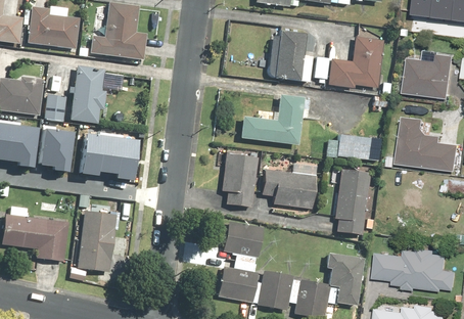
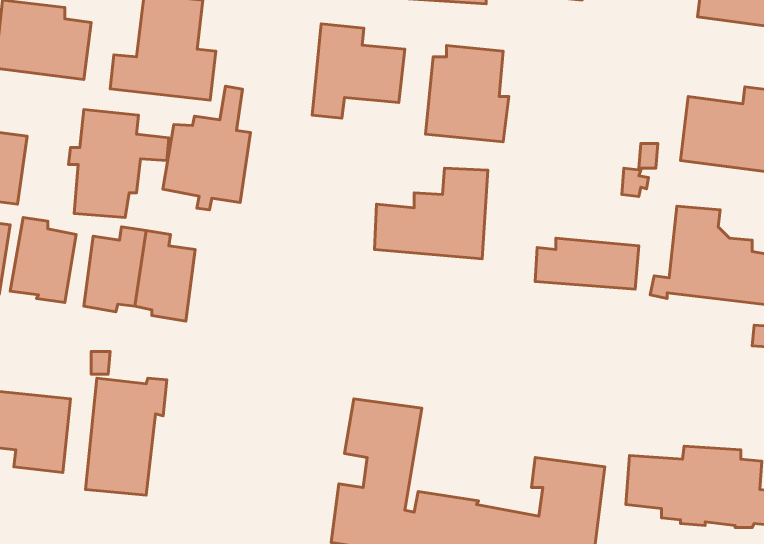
building: none -> [312,24,405,118]
building: [311,36,383,89] -> none
building: none -> [163,86,251,210]
building: [47,94,68,121] -> none
building: [210,151,257,209] -> none
building: [258,162,315,210] -> none
building: [330,169,367,236] -> none

